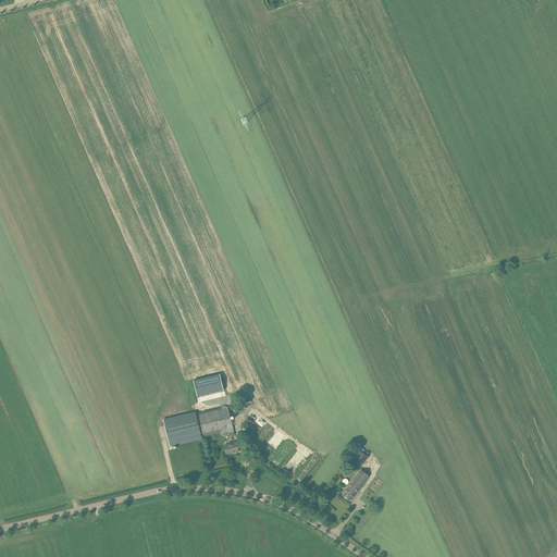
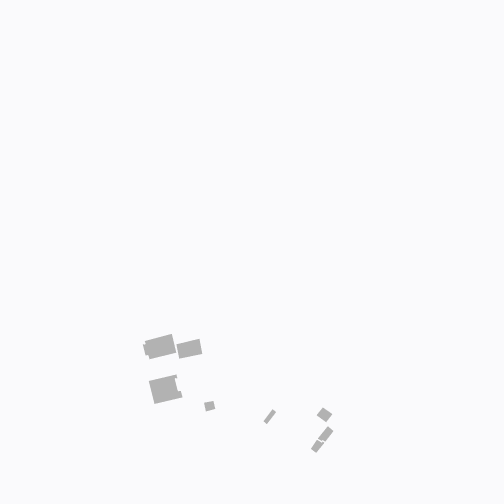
building: [194,406,233,435] -> [142,333,177,360]

